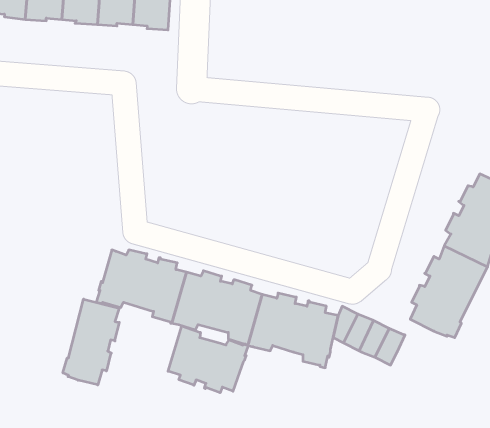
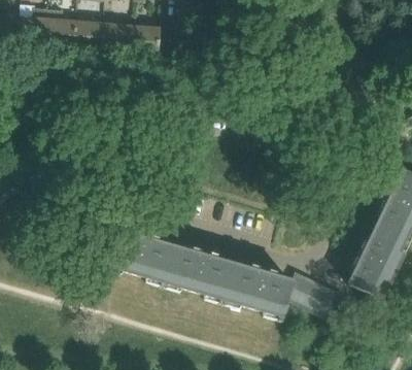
building: [63,299,119,385] -> none
building: [168,326,248,393] -> none

